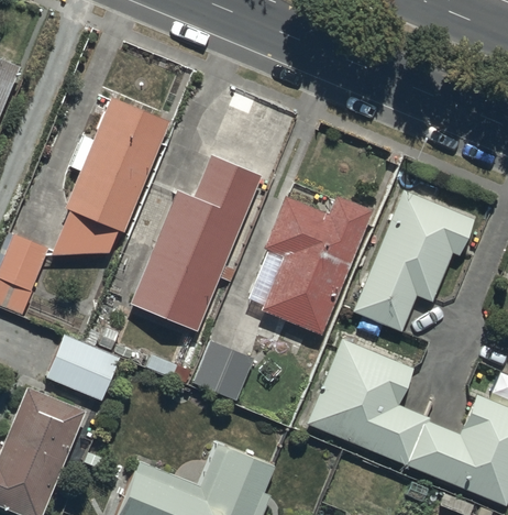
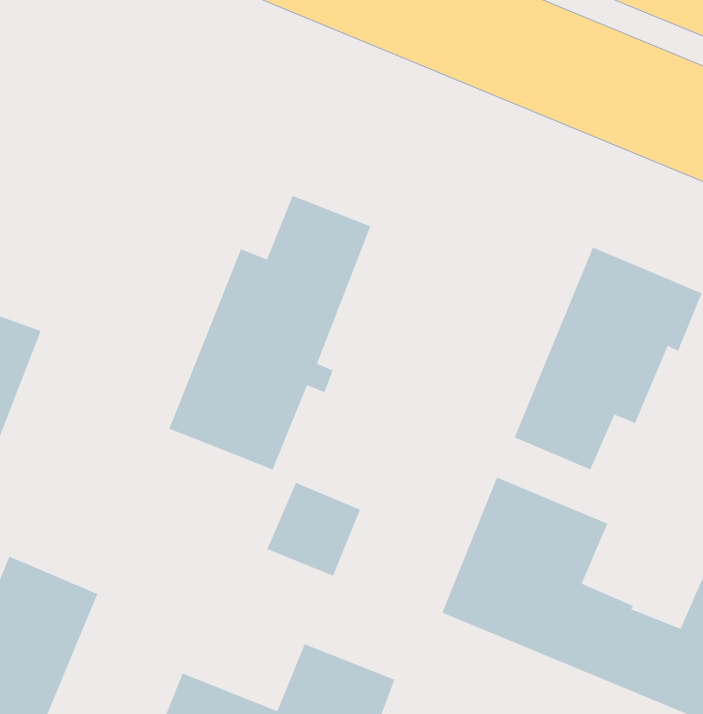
building: [53,96,170,254] -> none
building: [249,195,371,351] -> none
building: [47,333,121,399] -> none

